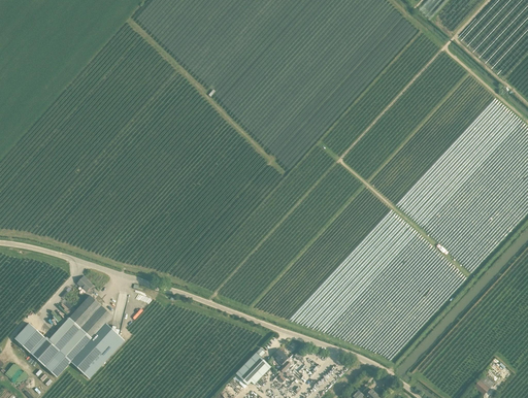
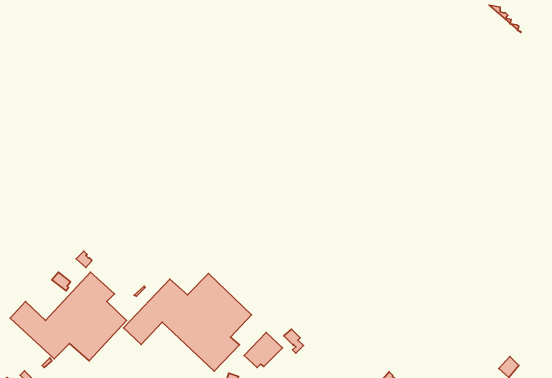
building: none -> [124,274,251,371]

